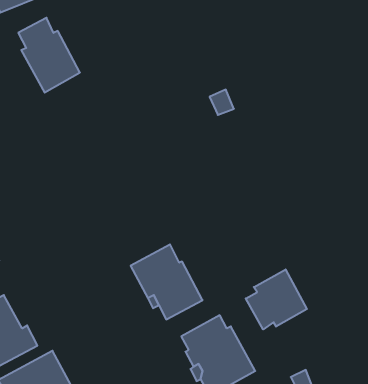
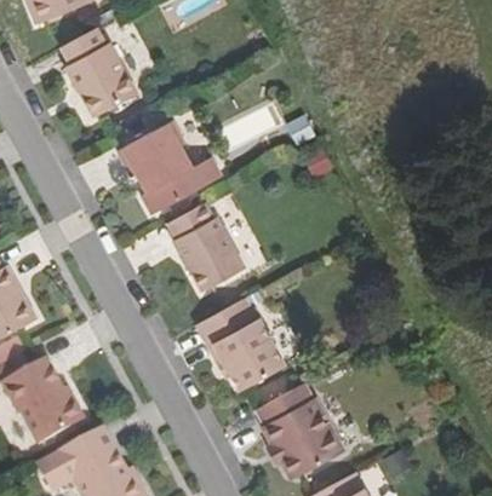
building: none -> [115,120,219,215]
building: none -> [168,203,242,290]
building: [246,269,307,329] -> none

